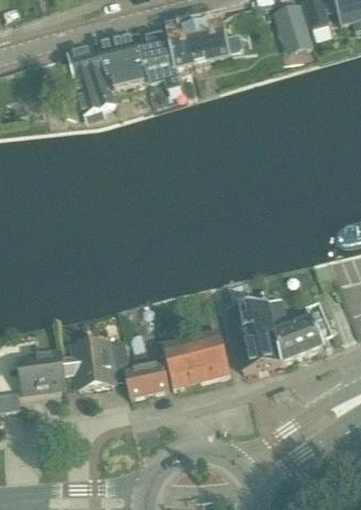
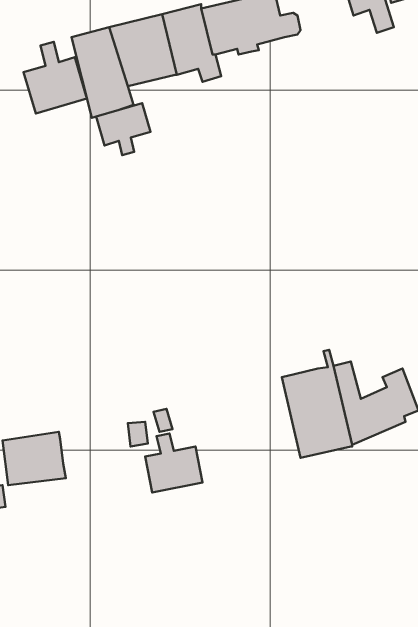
building: none -> [24,42,87,114]
building: none -> [96,103,151,155]
building: [161,327,231,388] -> none
building: [61,340,113,388] -> none

